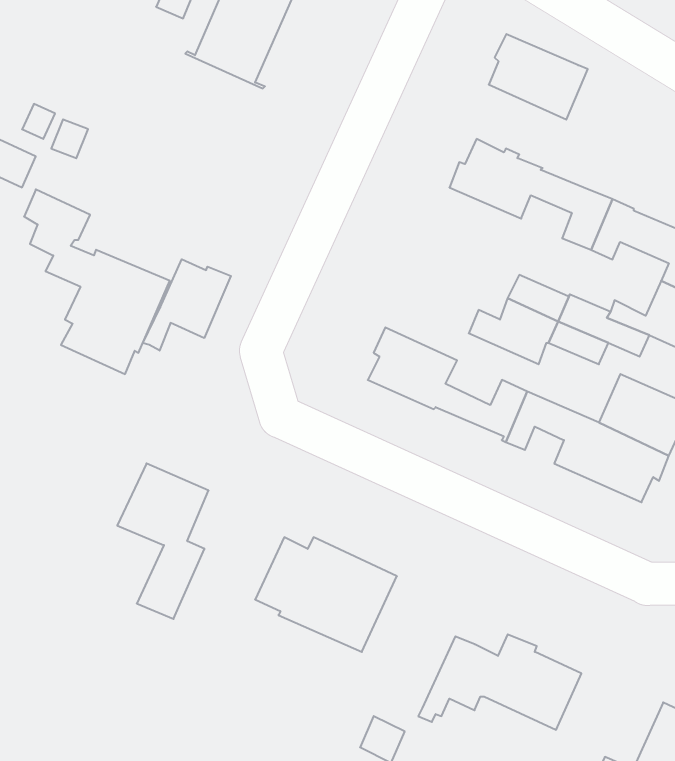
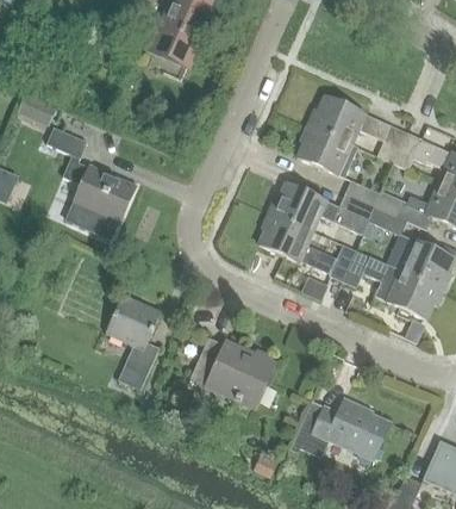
building: [489,34,588,120] -> [298,125,358,178]
building: [143,259,231,351] -> none
building: none -> [269,182,326,231]

